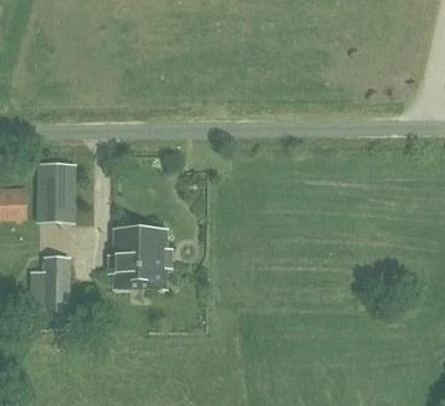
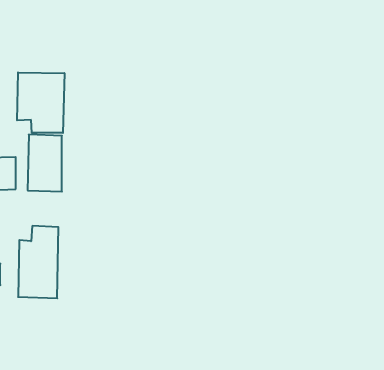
building: none -> [17,72,64,133]
building: [113,229,164,287] -> none

